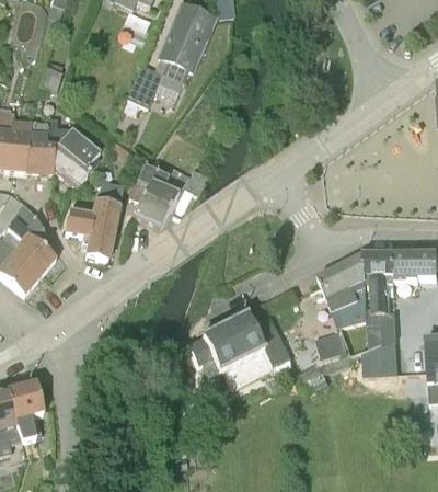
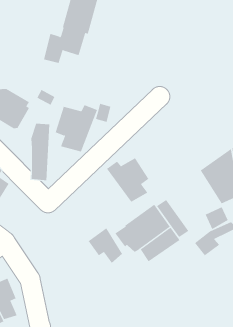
building: [67,206,94,241] -> none
building: none -> [106,157,149,203]
building: none -> [88,228,123,264]

